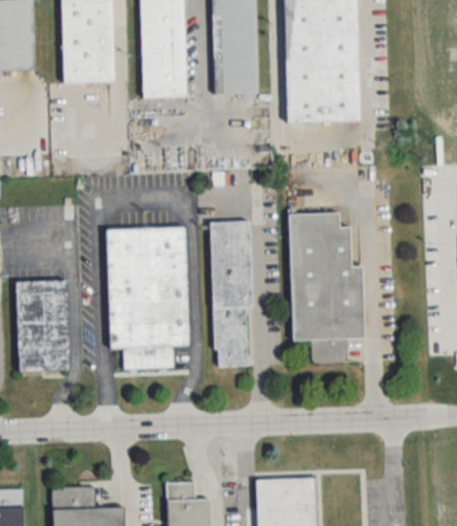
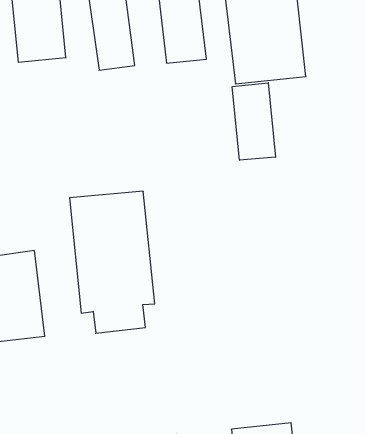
building: none -> [232,83,276,160]
building: [289,213,367,362] -> none
building: [210,221,251,366] -> none

